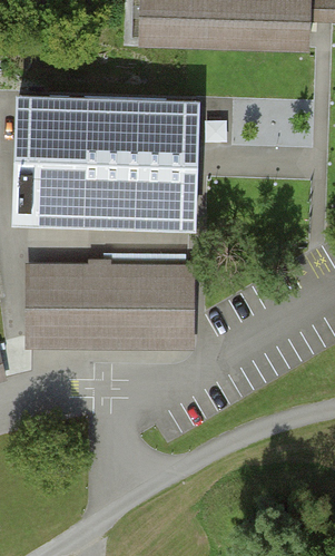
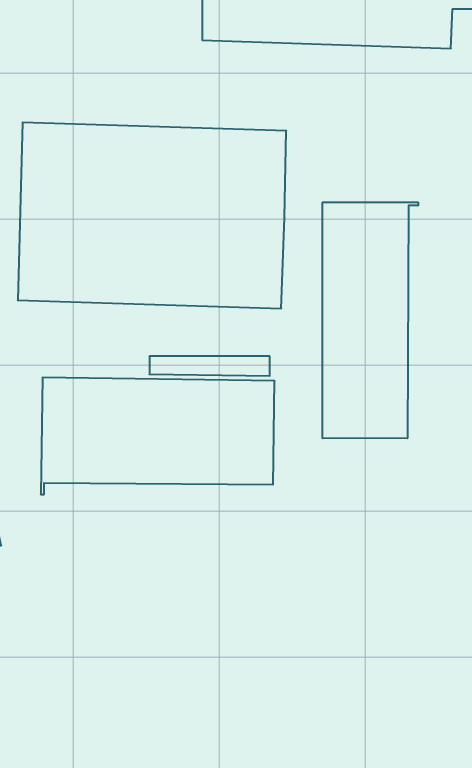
building: none -> [323,202,418,438]

